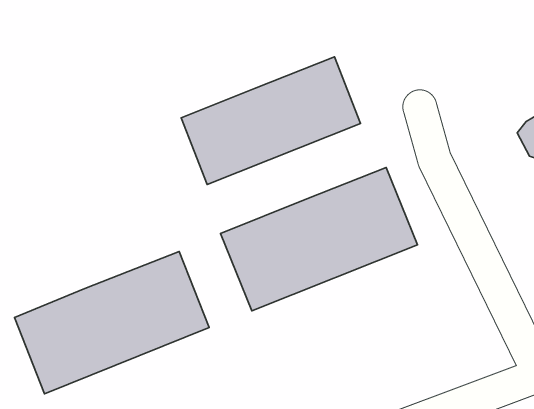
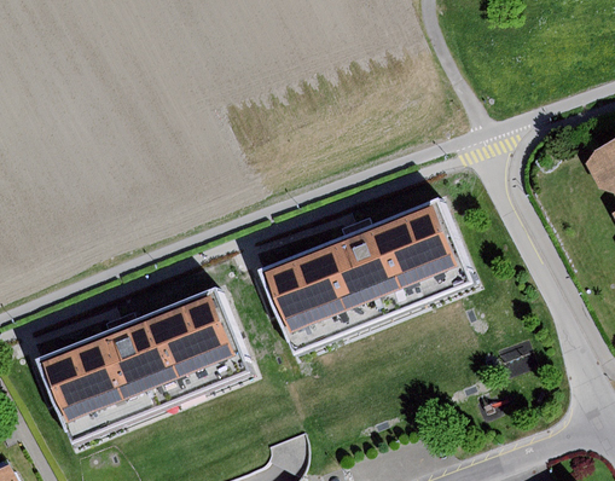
building: [181,57,360,184] -> none

